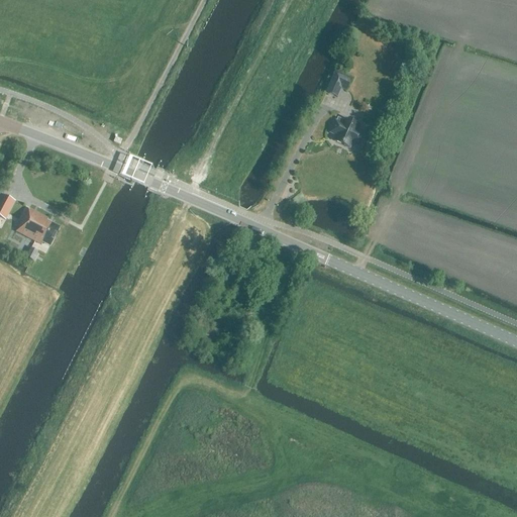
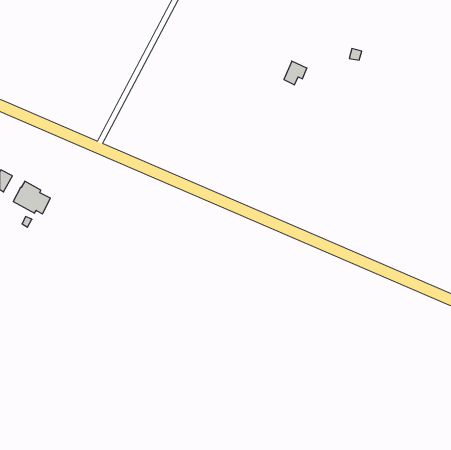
building: [329,116,363,146] -> none

